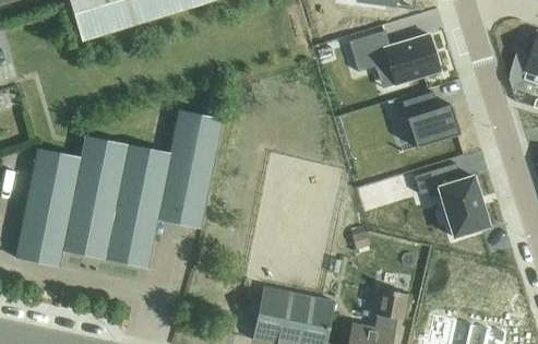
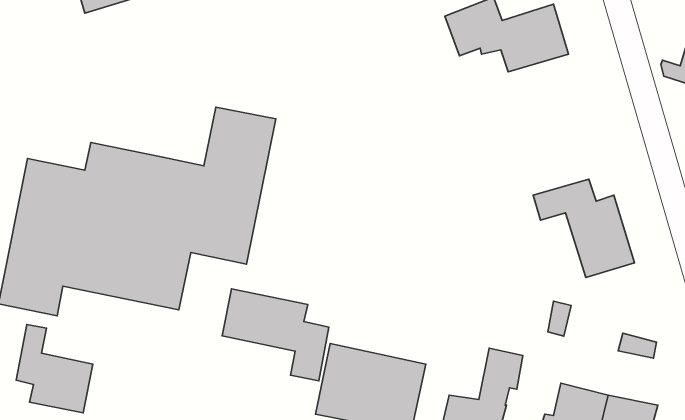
building: [402,92,461,147] -> none
building: none -> [222,289,329,381]
building: none -> [16,324,93,413]

